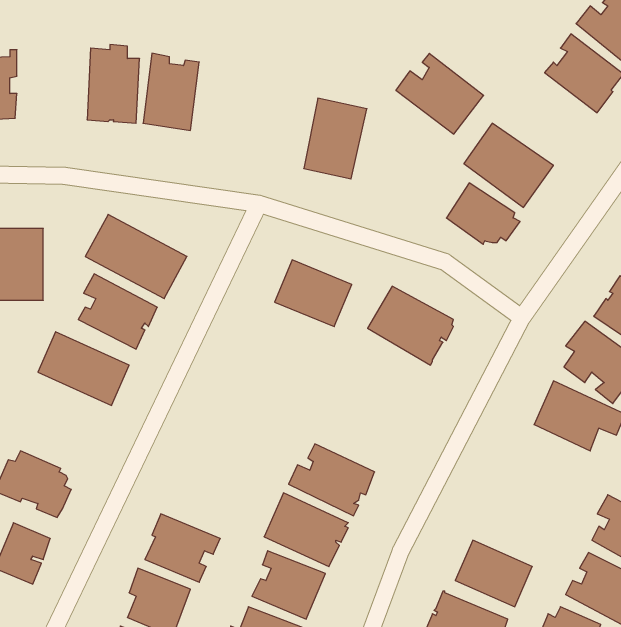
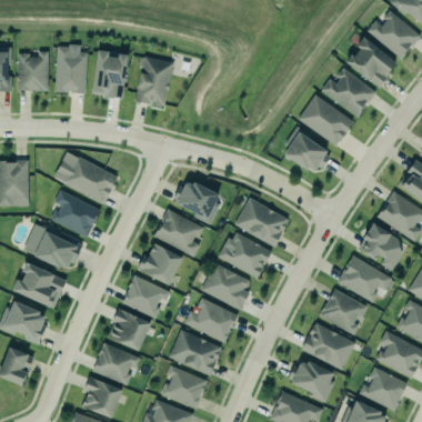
building: [396,53,484,134] -> [318,67,373,118]
building: none -> [18,51,48,90]
building: [304,98,367,179] -> [131,56,171,107]
building: none -> [157,210,205,254]
building: none -> [217,231,271,278]
building: none -> [141,243,183,284]
building: none -> [11,261,66,308]
building: none -> [200,262,249,309]
building: none -> [121,277,162,314]
building: none -> [319,287,371,336]
building: none -> [108,304,150,349]
building: none -> [301,322,354,369]

